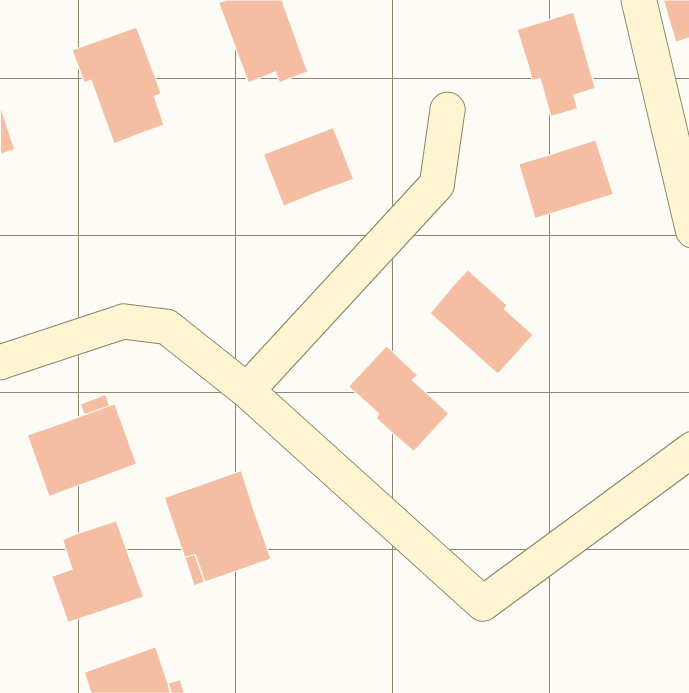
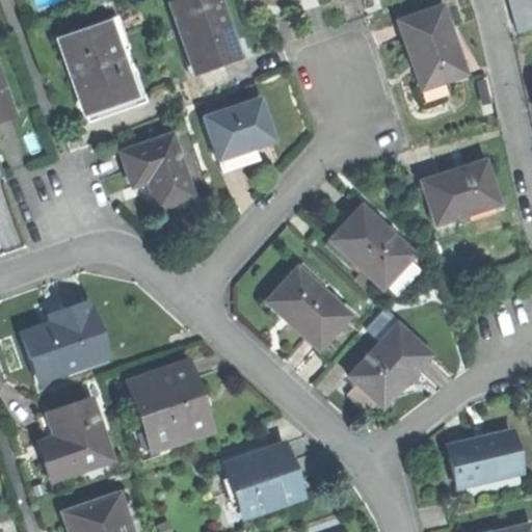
building: [519,140,614,219] -> [427,163,500,223]
building: none -> [121,134,194,209]
building: none -> [350,323,432,403]
building: none -> [451,431,524,483]
building: none -> [225,445,297,518]

